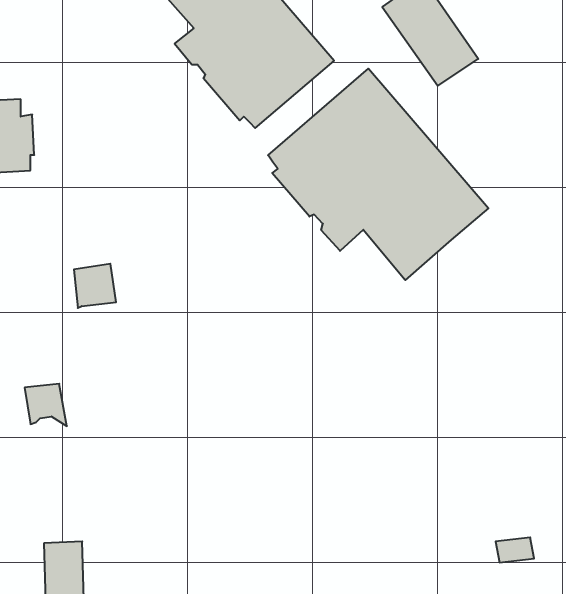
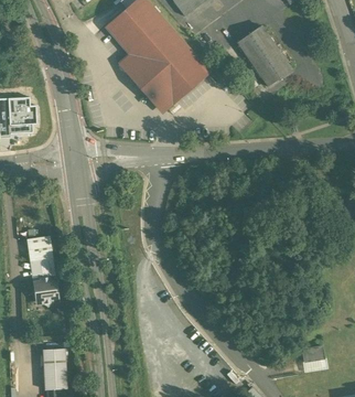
building: [268,69,488,280] -> none
building: [74,264,116,308] -> [26,236,51,261]
building: none -> [30,277,57,307]

